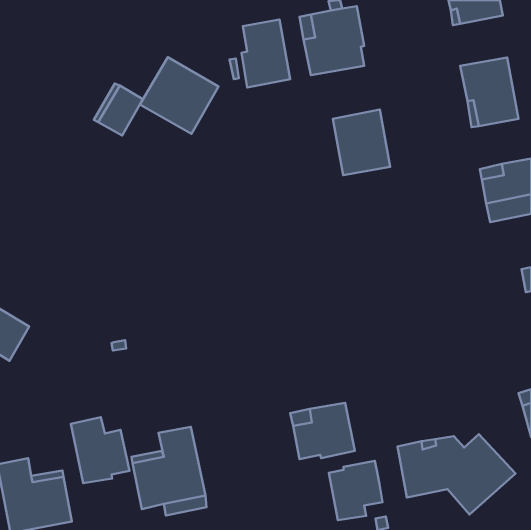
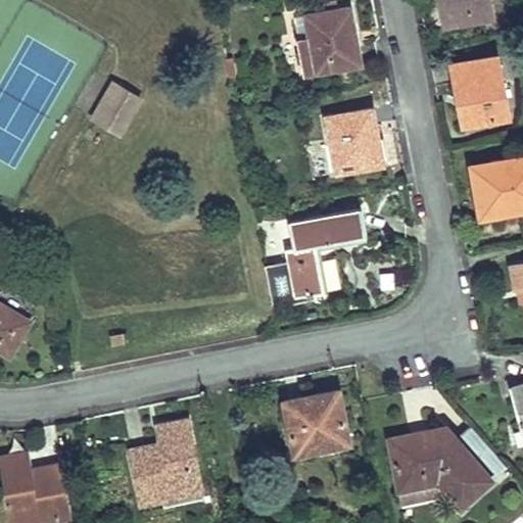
building: [241,19,290,87] -> none
building: [140,57,219,134] -> none
building: none -> [286,210,366,298]
building: [71,417,129,483] -> none
building: [329,461,382,520] -> none

